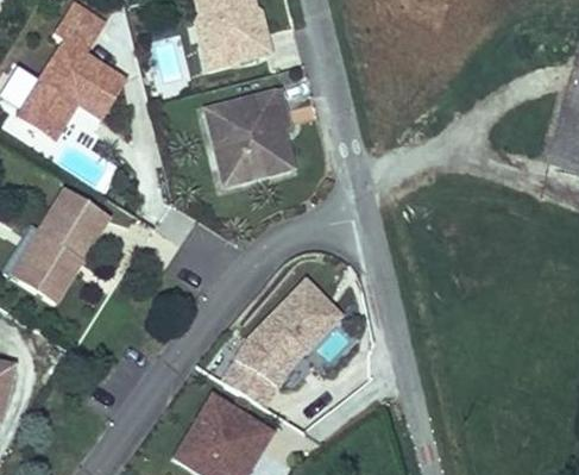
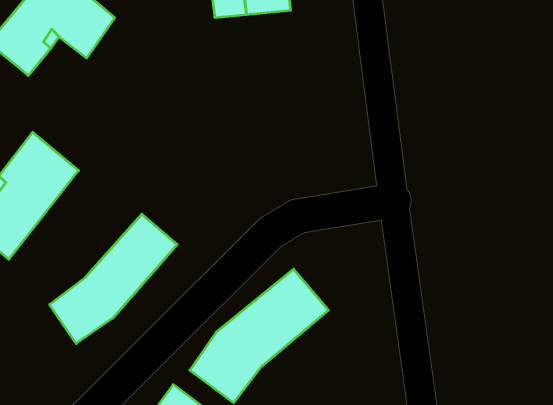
building: [215,86,316,187] -> none
building: none -> [50,214,177,344]

